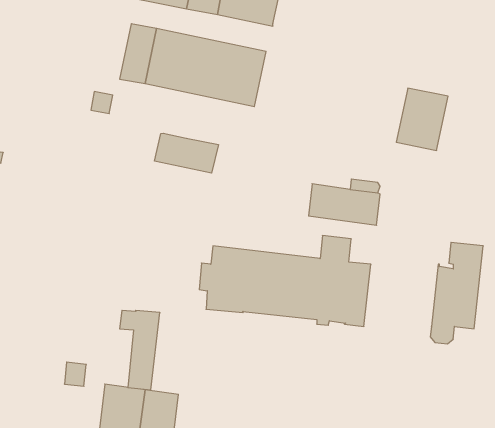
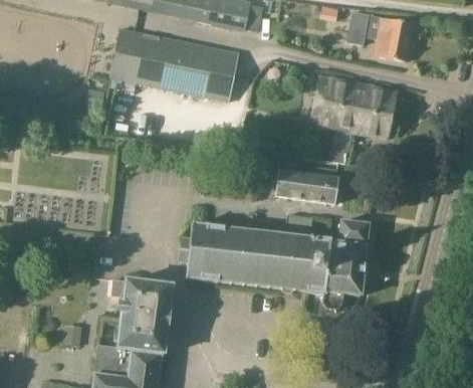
building: none -> [347,12,413,61]
building: none -> [311,75,363,132]
building: [155,133,218,173] -> none
building: [430,242,483,344] -> [323,219,370,308]
building: none -> [139,280,173,352]

